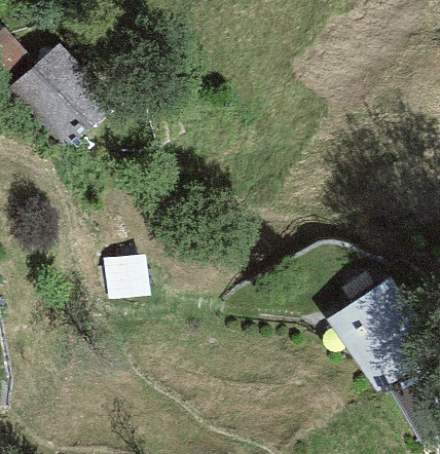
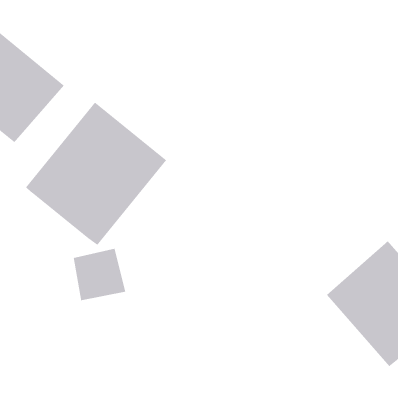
building: none -> [25,102,167,246]

